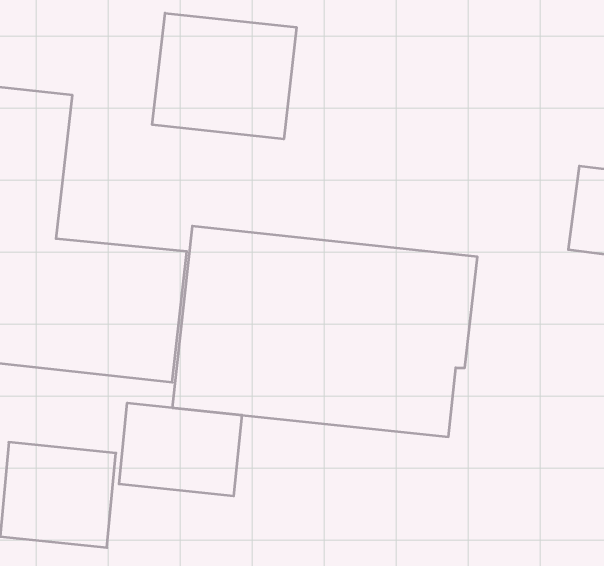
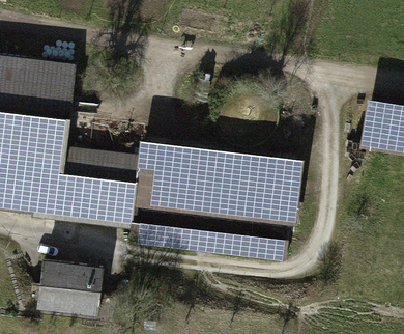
building: [152,13,296,139] -> none
building: [119,403,242,496] -> none

